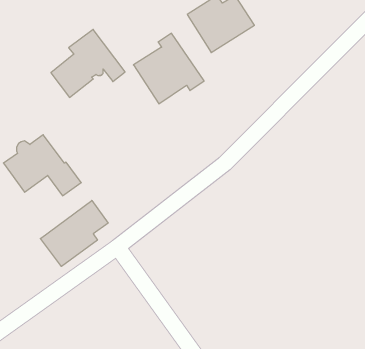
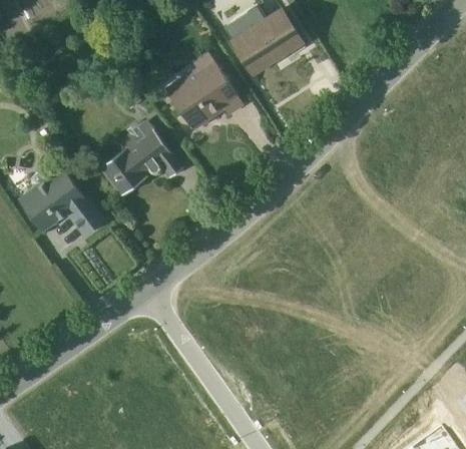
building: [51,29,125,97] -> [99,120,183,197]
building: [40,200,108,266] -> none

